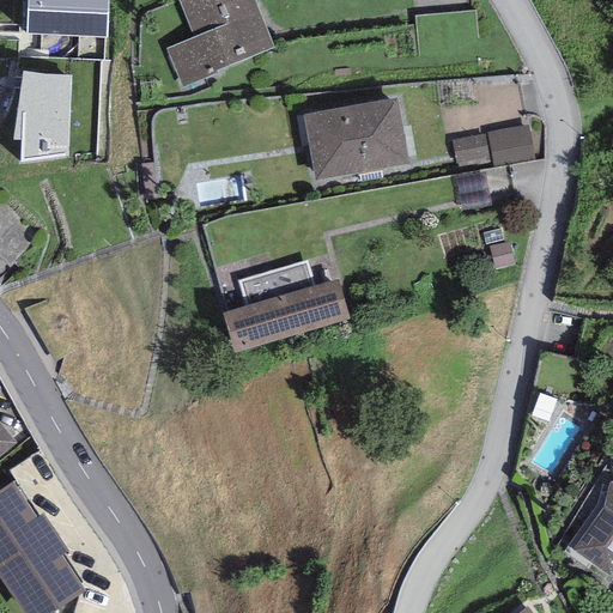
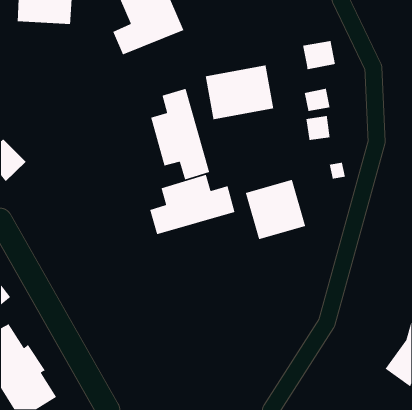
building: [13,69,72,160] -> none
building: [485,123,535,168] -> [302,40,336,70]
building: none -> [150,88,210,181]
building: none -> [245,179,306,240]

